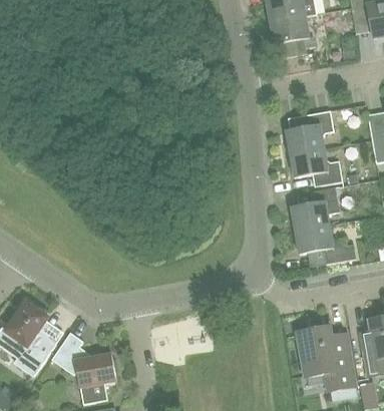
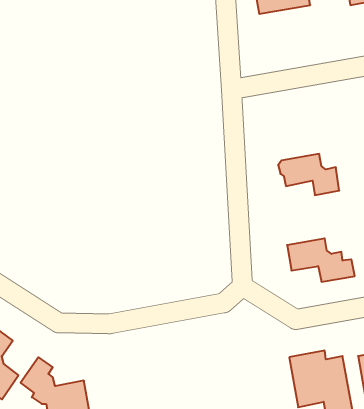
building: [270,13,316,46] -> none
building: [285,109,333,153] -> none
building: [291,185,339,230] -> none

